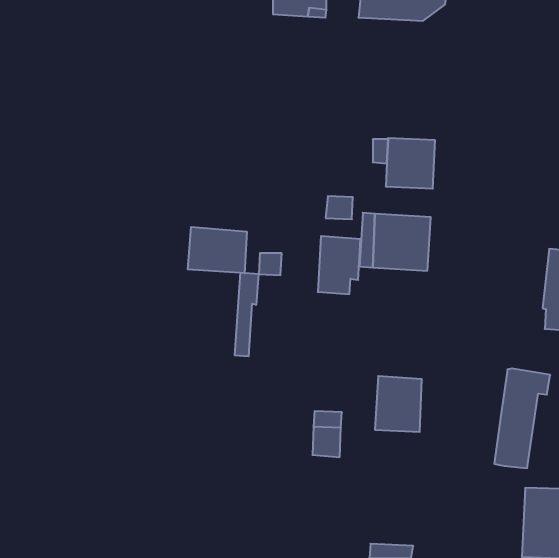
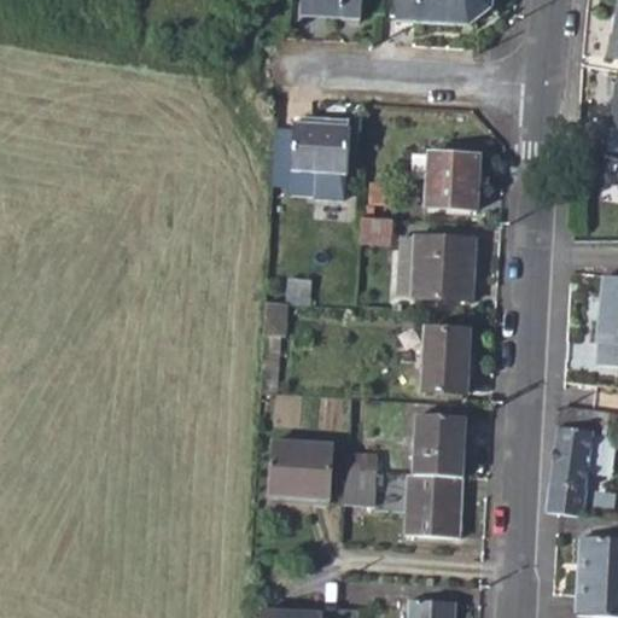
building: none -> [291,123,349,190]
building: [188,227,247,273] -> none
building: [318,236,360,294] -> [424,327,471,391]
building: none -> [269,439,332,496]
building: none -> [406,473,464,536]

